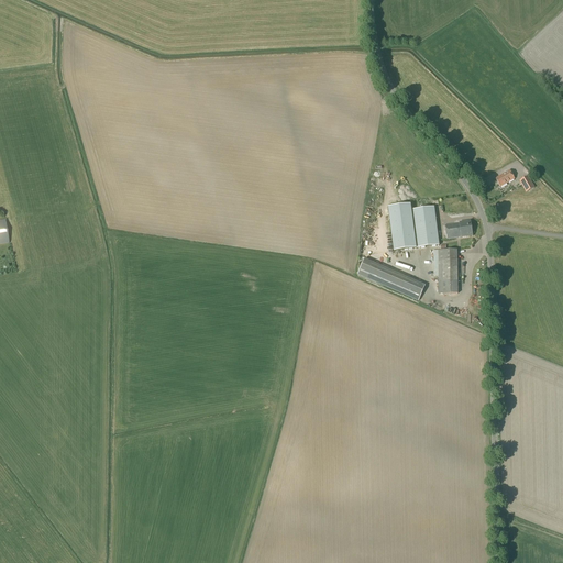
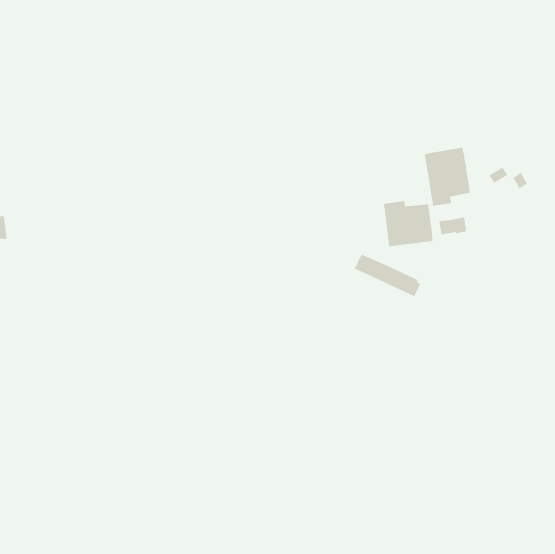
building: none -> [424,147,471,207]
building: [432,249,457,292] -> none

